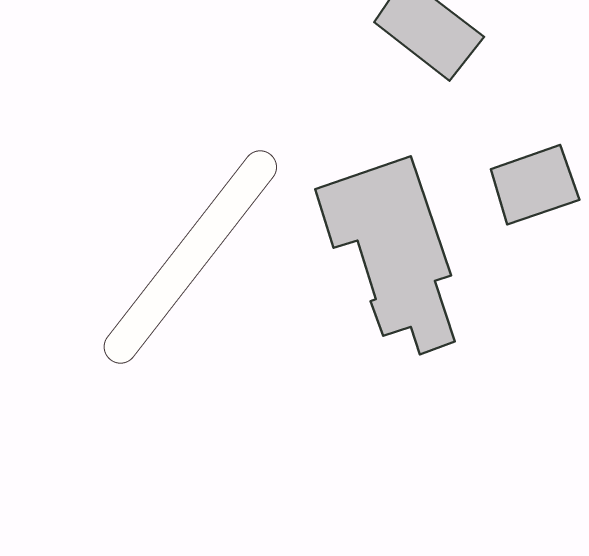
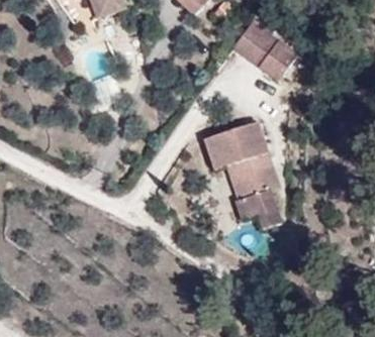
building: [491,145,580,224] -> none

